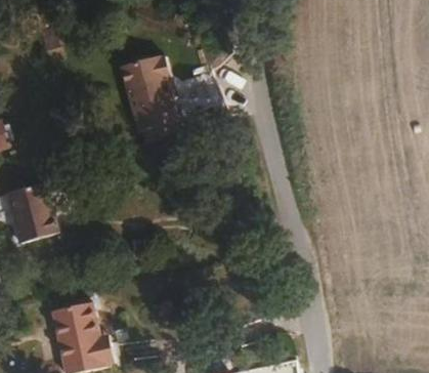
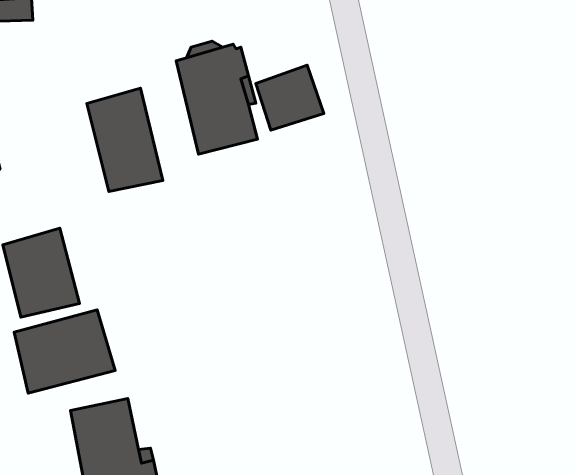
building: none -> [87,88,163,192]
building: none -> [14,310,115,393]

